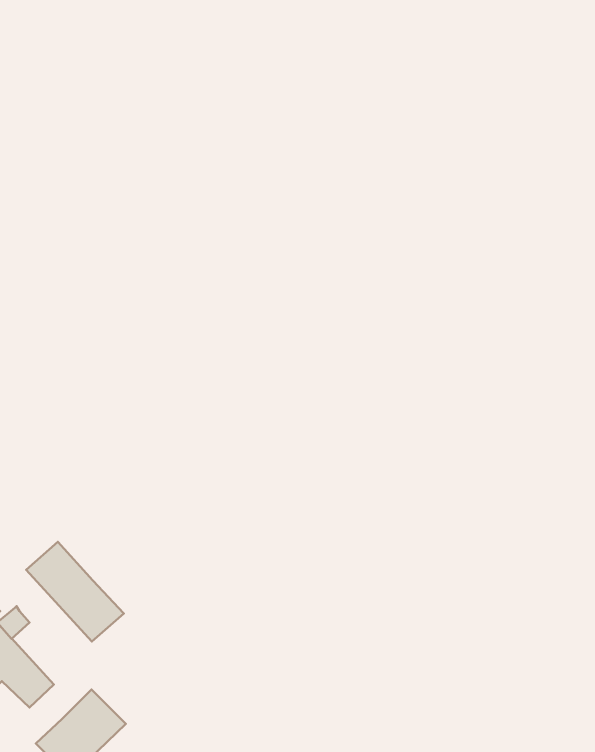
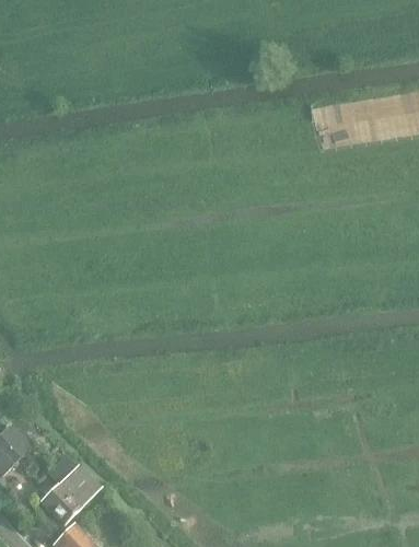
building: [26,542,124,641] -> none

